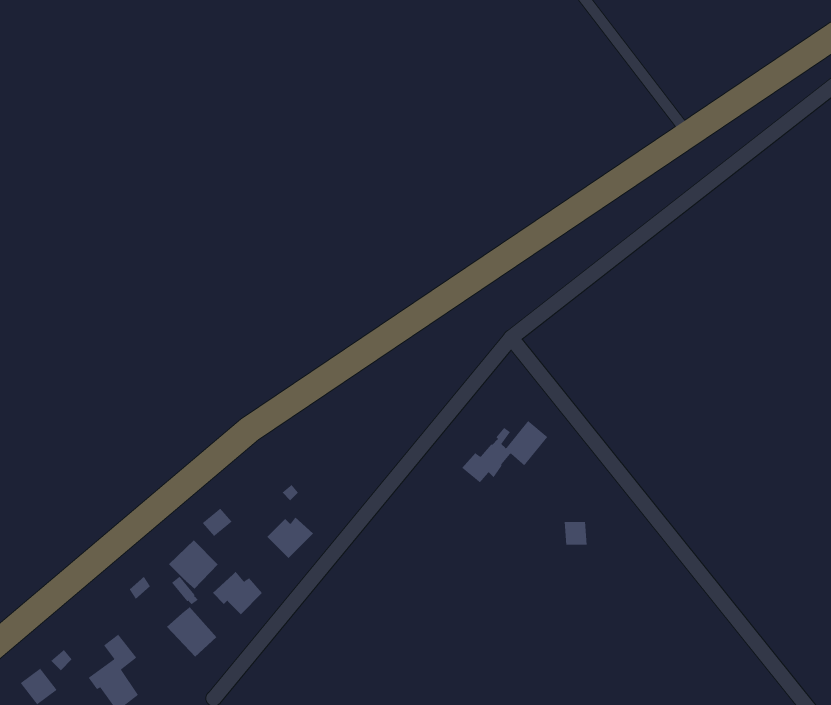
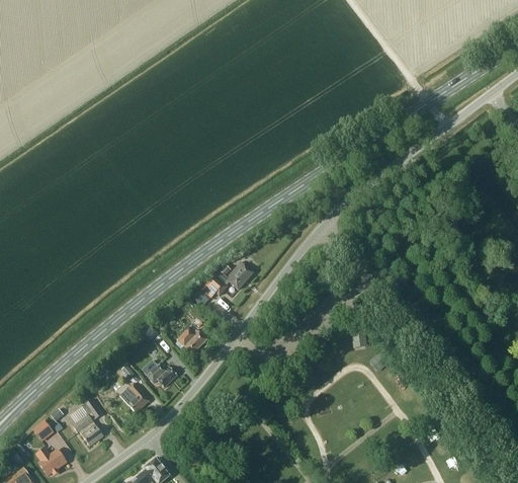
building: [461,420,548,483] -> [200,261,252,299]
building: [168,539,219,590] -> none

